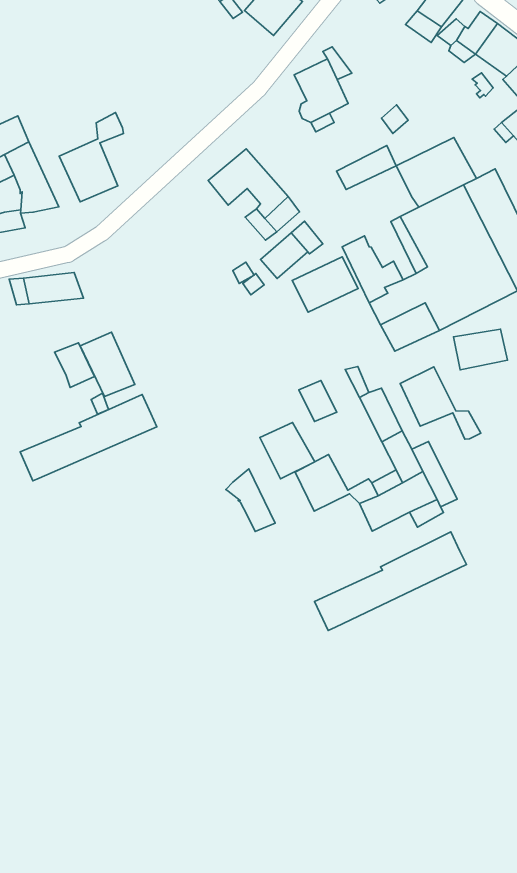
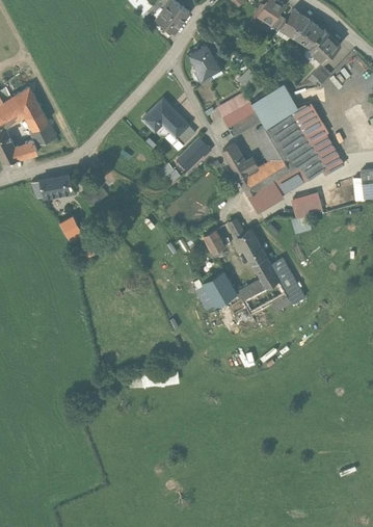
building: [59,113,123,202] -> none
building: [292,257,358,312] -> [222,102,261,135]
building: [80,332,135,396] -> none
building: [400,367,481,439] -> none
building: [20,394,157,481] -> none
building: [260,422,315,479] -> none
building: [226,469,275,532] -> none
building: [315,532,467,630] -> none

